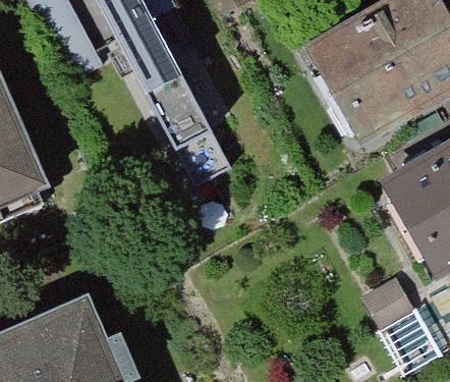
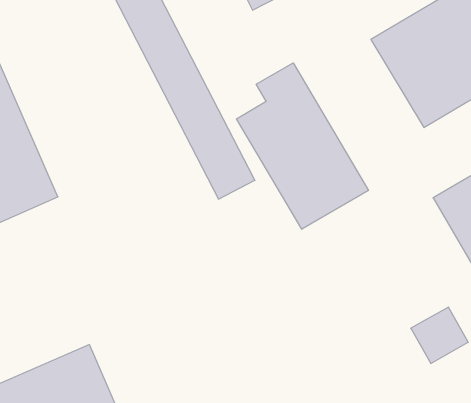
building: none -> [236,63,368,229]

